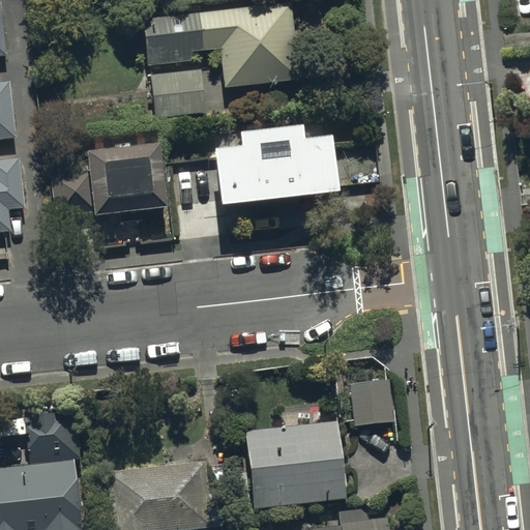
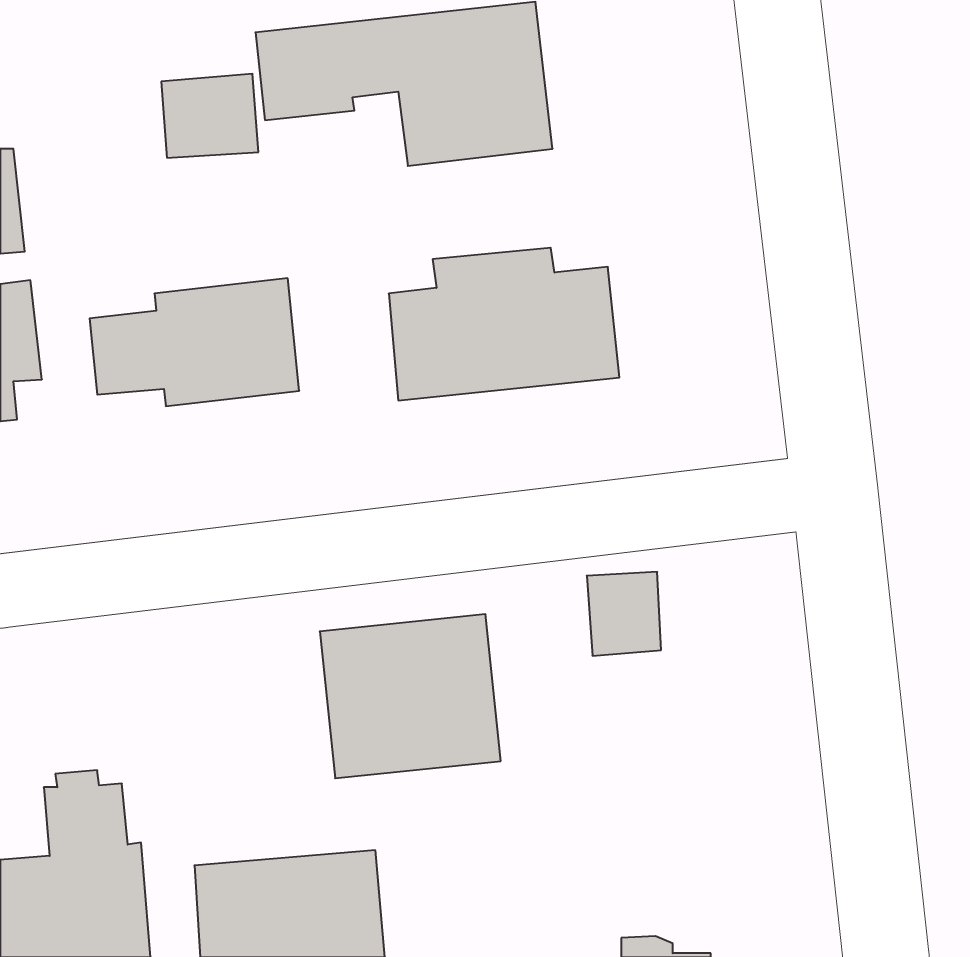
building: [153,68,206,114] -> [161,74,258,158]
building: [351,378,391,423] -> [587,572,661,656]
building: [246,421,345,510] -> [320,614,501,778]

